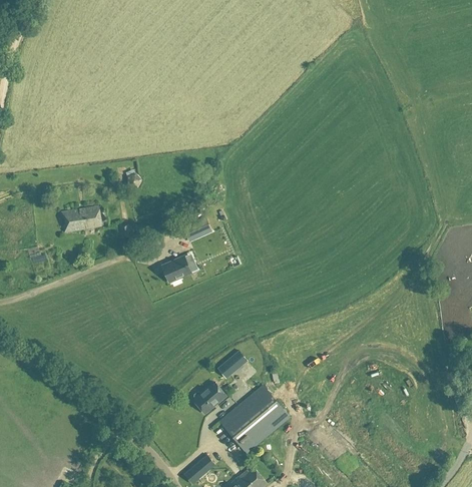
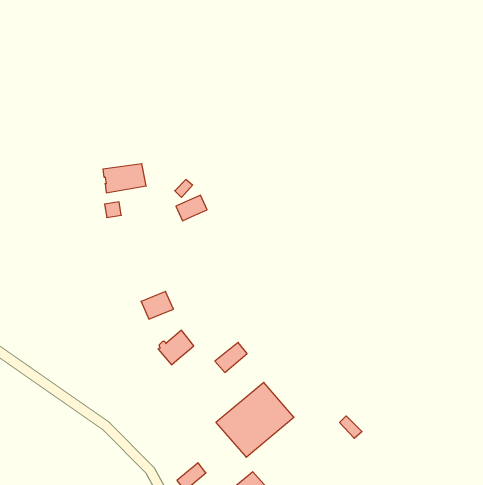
building: [61,207,100,233] -> [103,164,146,193]
building: [161,258,190,283] -> [141,291,173,319]
building: [192,383,224,414] -> [158,330,194,365]

